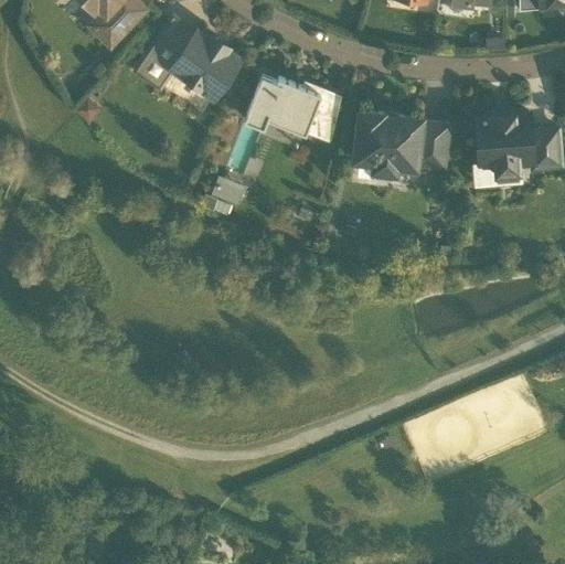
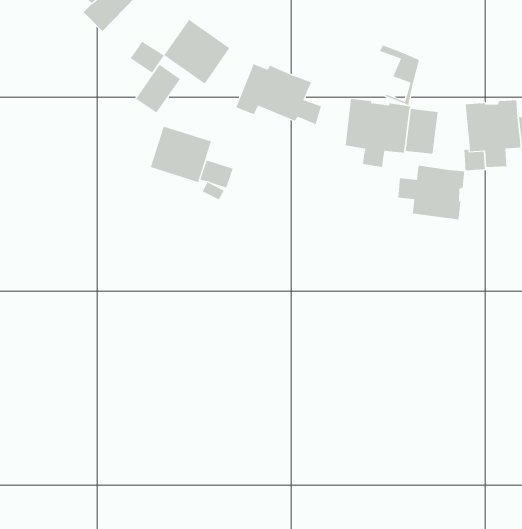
building: [150,18,196,67] -> [135,64,181,113]
building: [301,81,342,142] -> [379,45,420,106]
building: none -> [150,126,212,183]
building: none -> [398,165,465,220]

